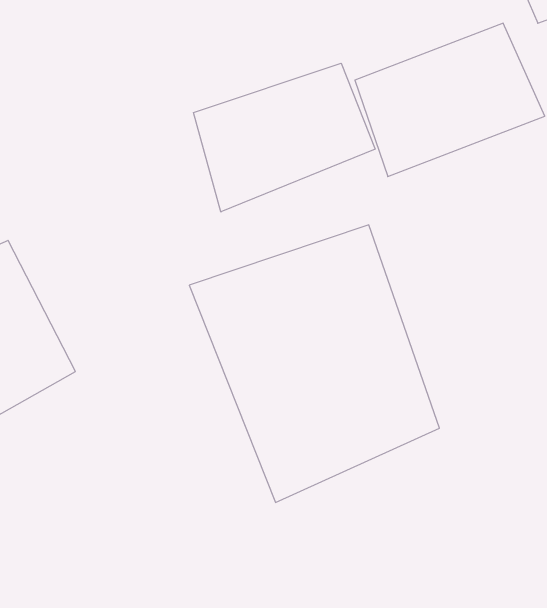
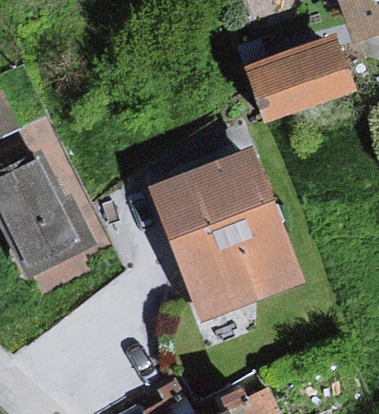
building: [193,63,375,212] -> none

